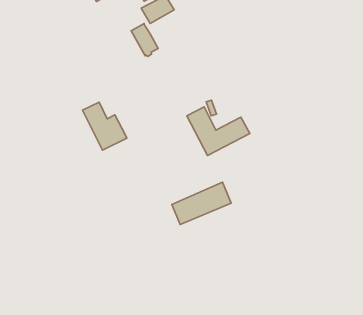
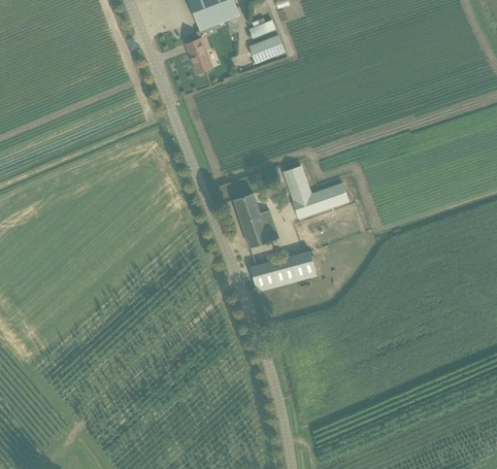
building: [131,24,158,56] -> [186,37,212,74]
building: [83,102,127,150] -> [234,193,278,246]

